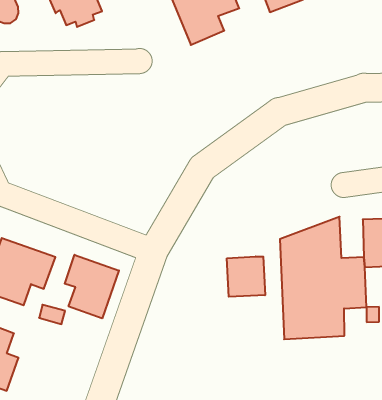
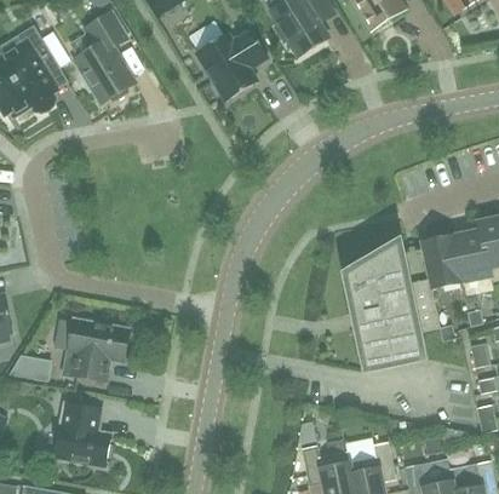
building: [65,255,119,318] -> none
building: [227,256,265,297] -> none

